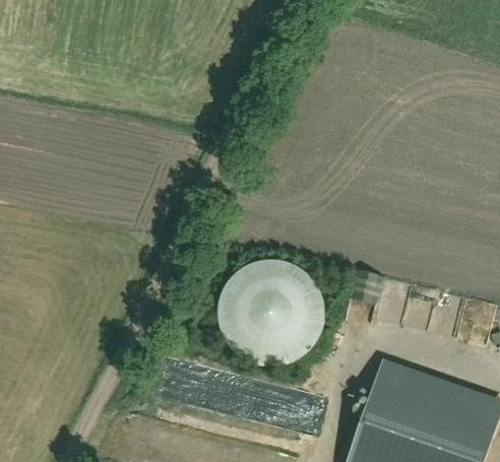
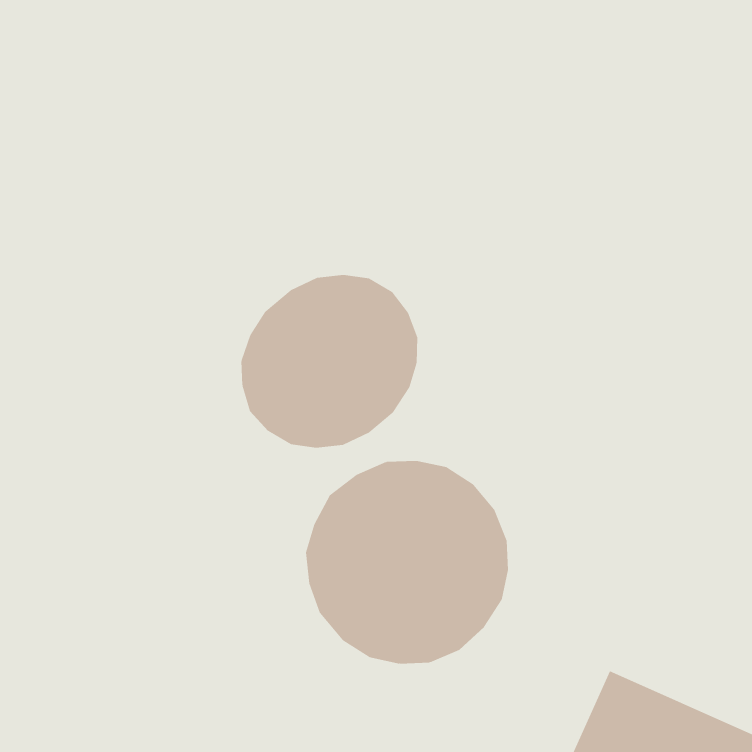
building: none -> [241,274,418,448]

